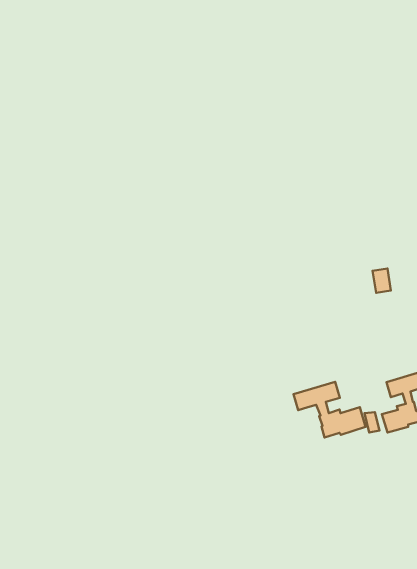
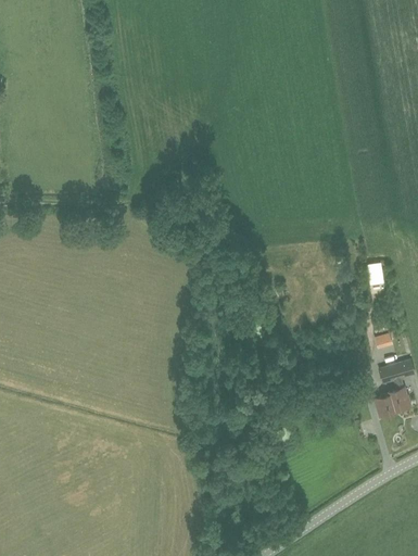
building: [294,382,365,438] -> none

